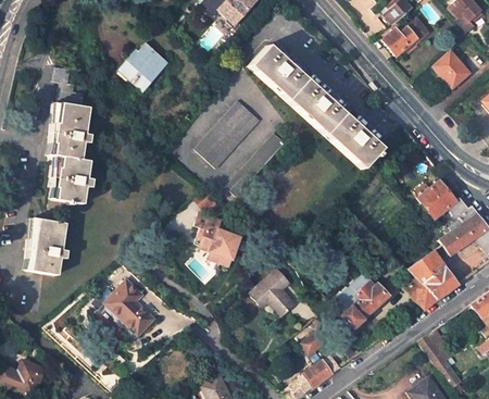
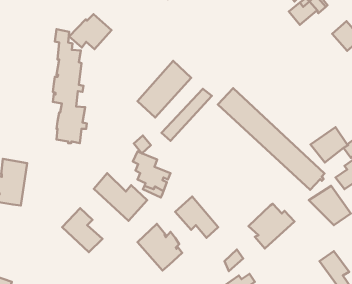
building: [251,46,380,169] -> [218,88,325,190]
building: [52,66,93,204] -> [53,29,87,143]
building: none -> [94,173,147,221]
building: [405,277,437,308] -> none
building: none -> [137,224,182,270]

